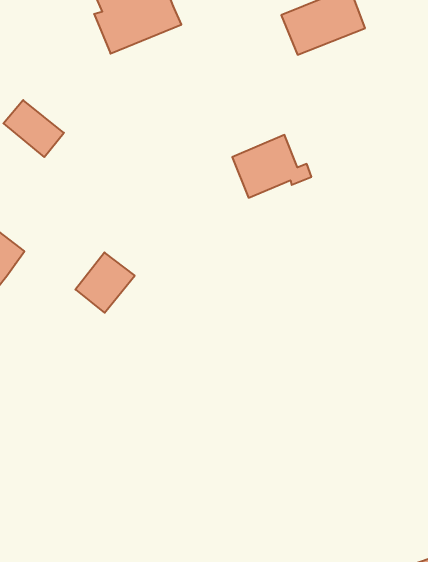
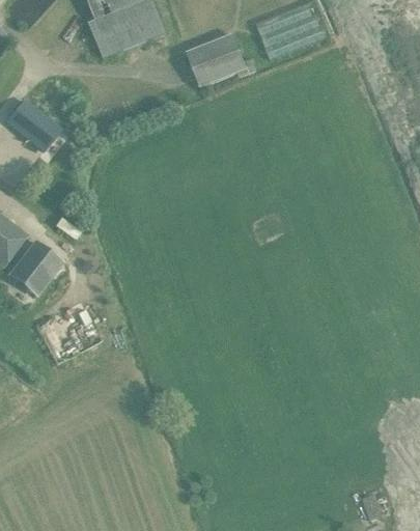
building: [232,135,311,198] -> [186,31,256,87]
building: [75,252,135,313] -> [9,241,62,295]

